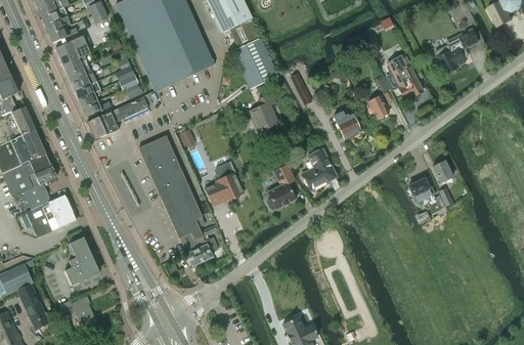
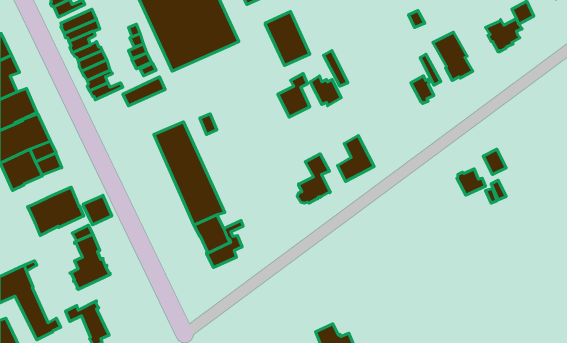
building: [86,112,119,141] -> none
building: [333,112,360,138] -> [310,76,341,106]
building: [204,162,244,203] -> none
building: [23,183,48,210] -> [83,195,112,225]

